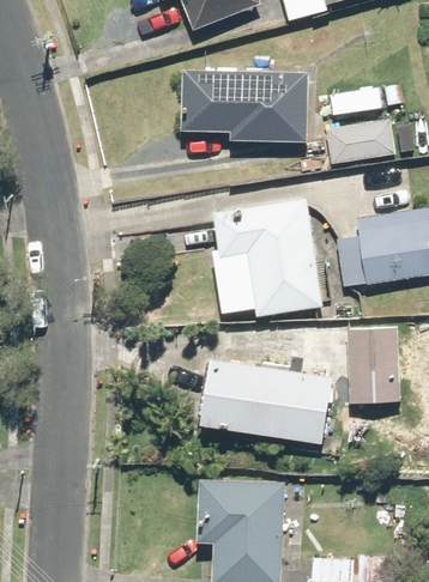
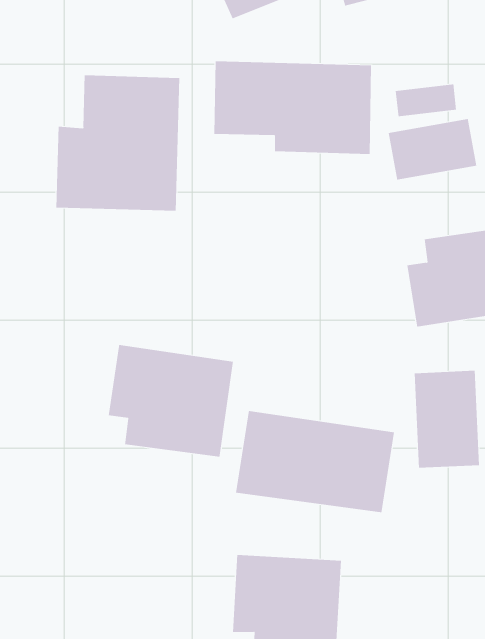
building: none -> [56,74,180,212]
building: [210,196,324,315] -> none
building: none -> [108,344,234,458]

